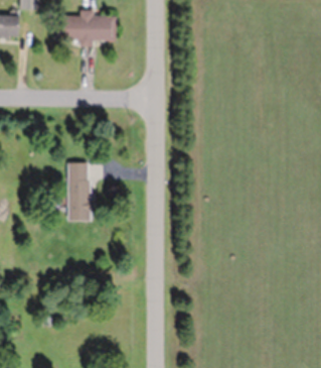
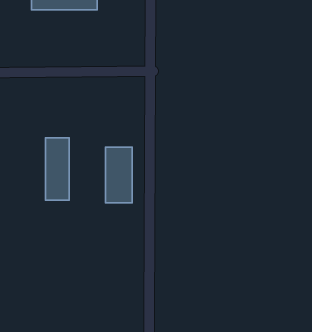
building: none -> [106,147,132,203]

